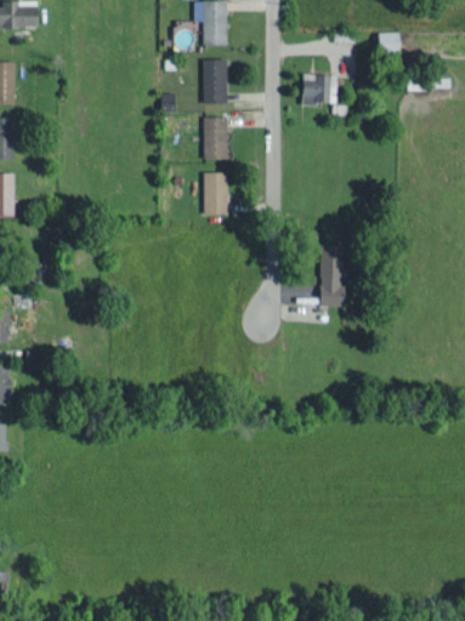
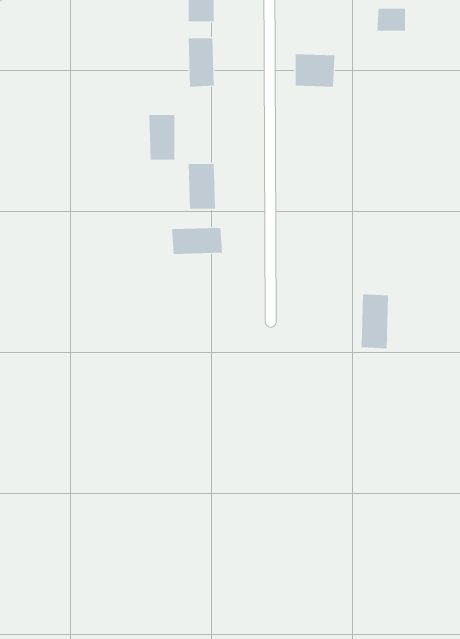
building: [204,118,228,159] -> [148,115,175,160]
building: none -> [171,227,223,255]
building: [321,257,346,307] -> [361,294,389,349]

